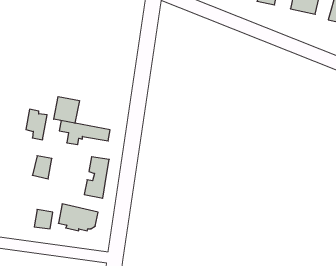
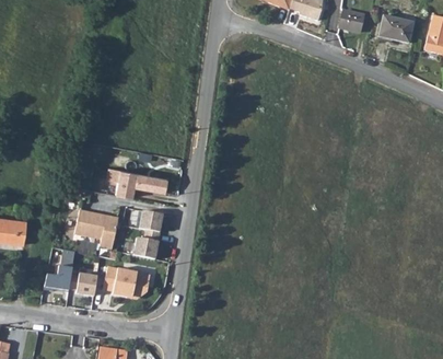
building: [54,97,79,123] -> none
building: [26,109,47,140] -> [92,213,117,250]
building: none -> [43,251,74,292]

